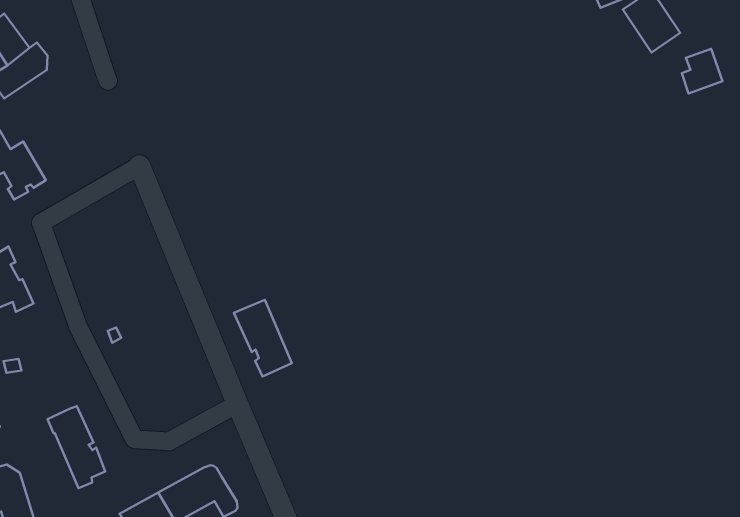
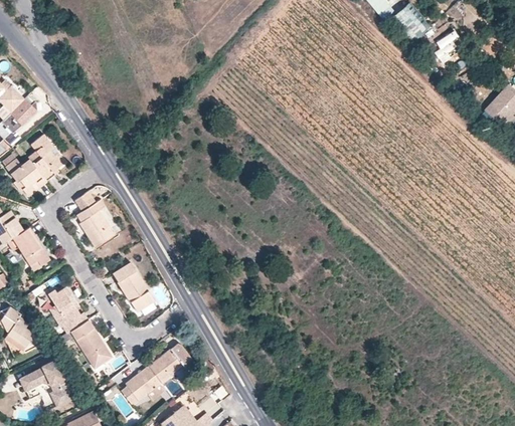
building: none -> [27,134,65,181]
building: none -> [75,190,114,247]
building: [234,300,292,376] -> [113,262,154,310]
building: none -> [47,286,83,334]

